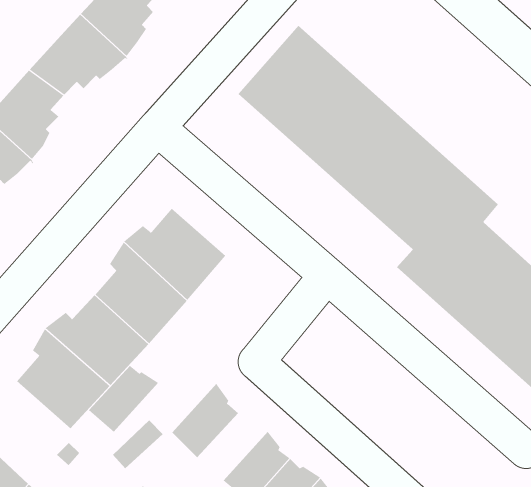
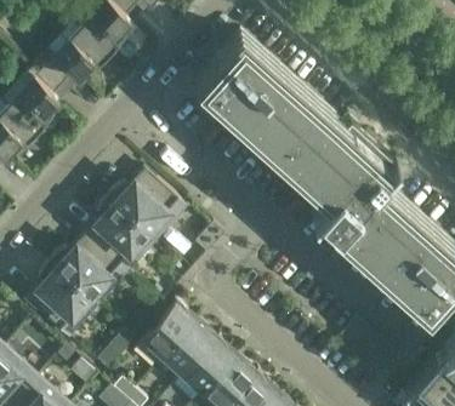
building: [88,365,159,433] -> [164,326,217,377]

